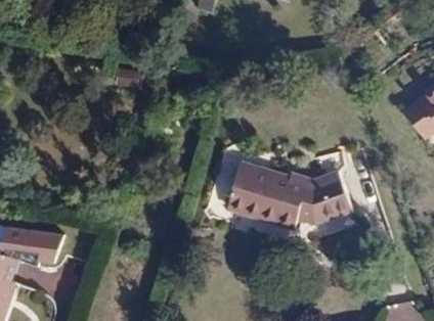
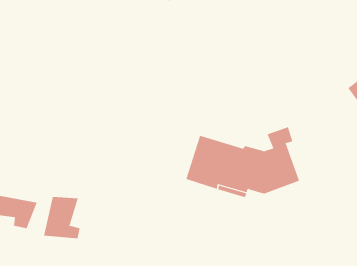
building: none -> [44,196,80,239]

